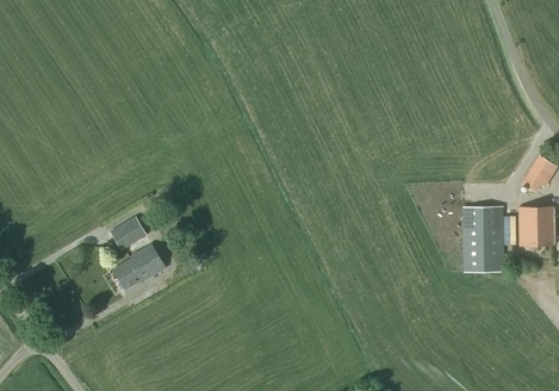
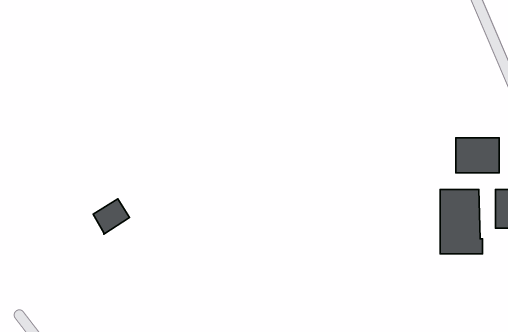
building: none -> [456,138,499,173]
building: [113,243,167,290] -> none

